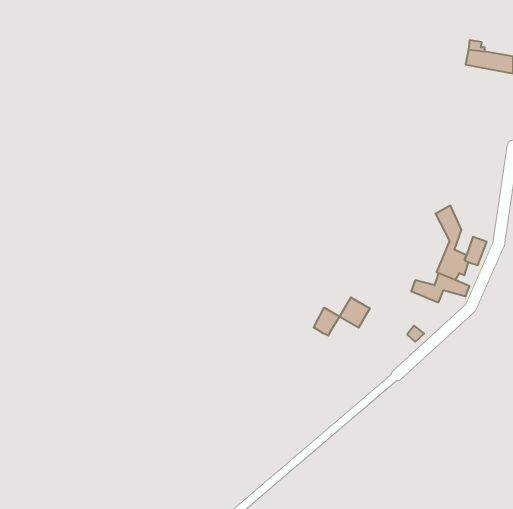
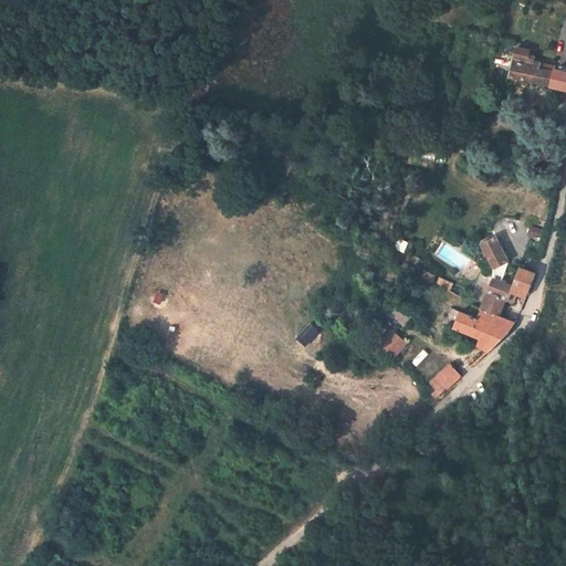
building: none -> [479,325,511,353]
building: [314,308,340,336] -> none

